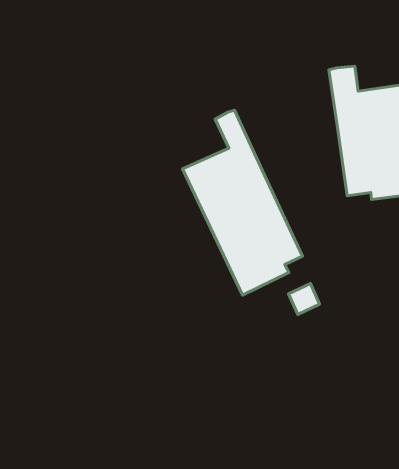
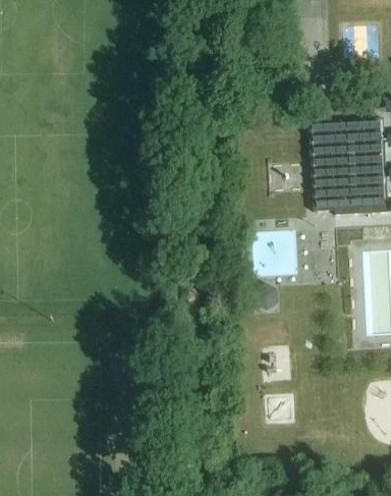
building: [183,110,302,295] -> none

